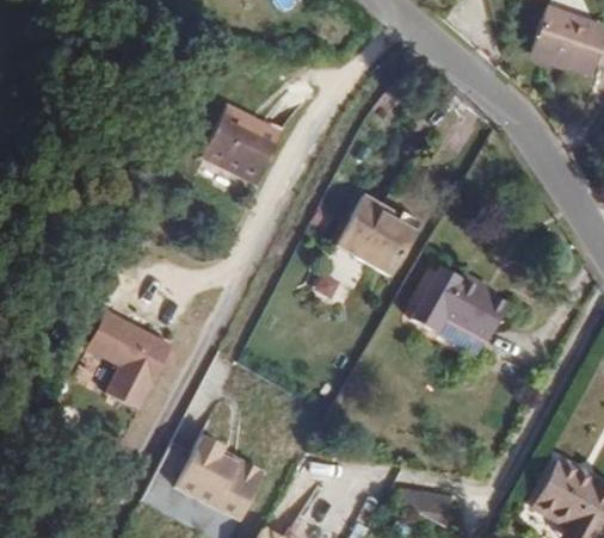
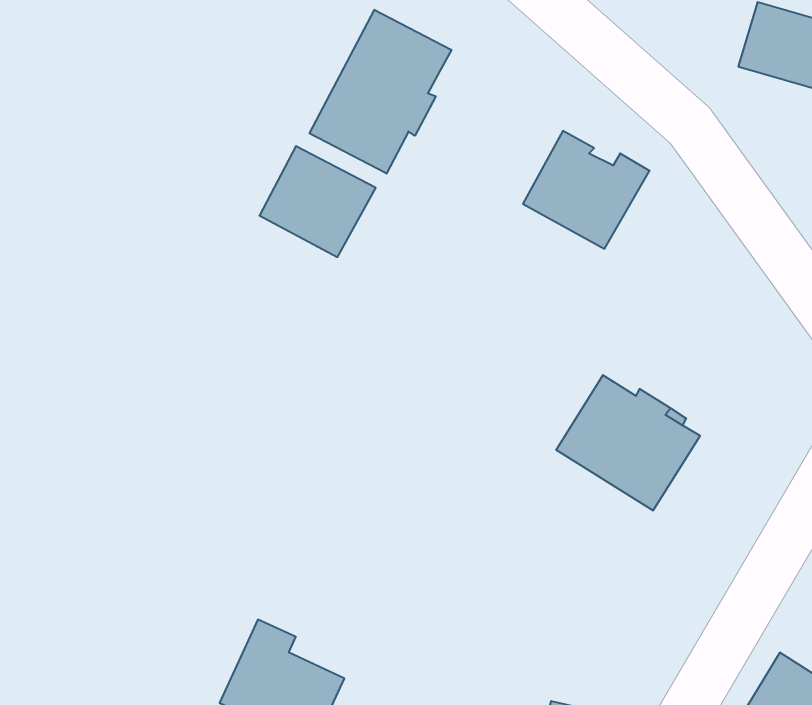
building: none -> [310,10,451,174]
building: [338,196,425,277] -> [523,131,650,249]
building: [86,309,174,409] -> none

